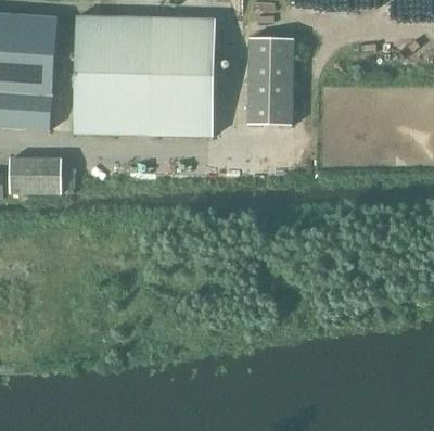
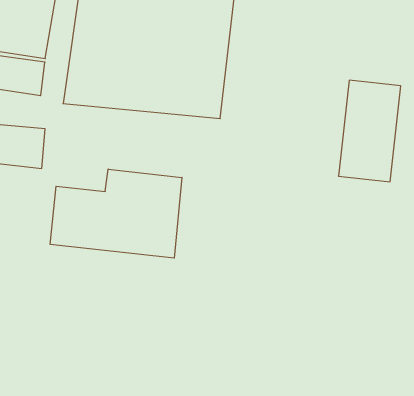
building: [247,37,296,125] -> [338,80,401,182]
building: none -> [50,169,182,258]

